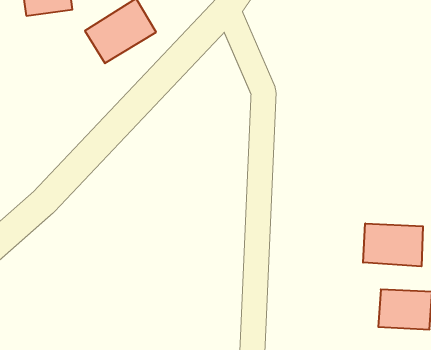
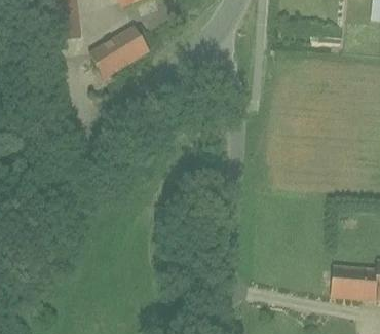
building: [363,223,423,266] -> none

